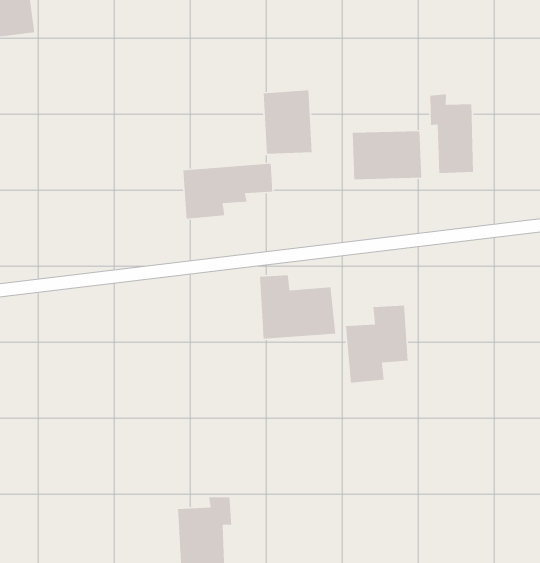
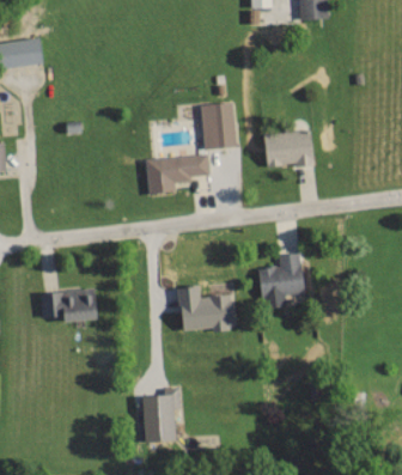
building: [429,93,474,174] -> none
building: [259,274,336,339] -> [179,286,233,331]
building: none -> [42,291,95,321]

